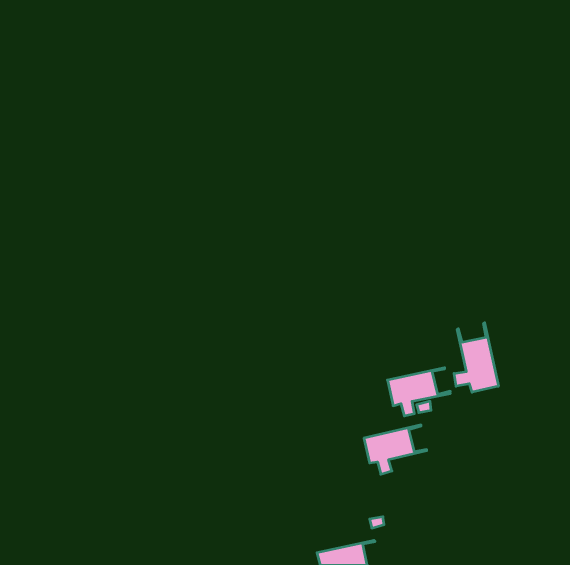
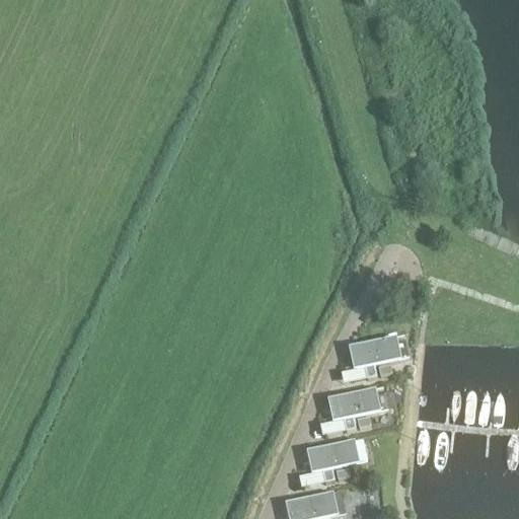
building: [454,323,498,392] -> none
building: none -> [308,436,365,480]

